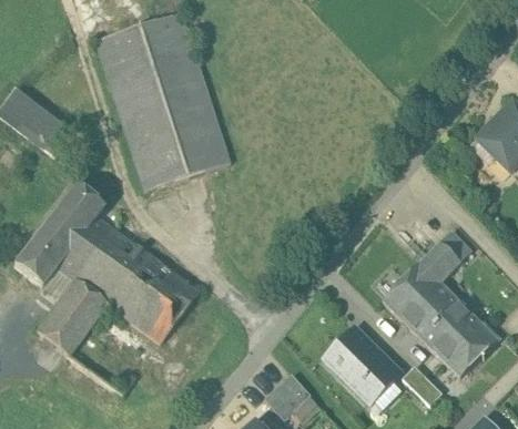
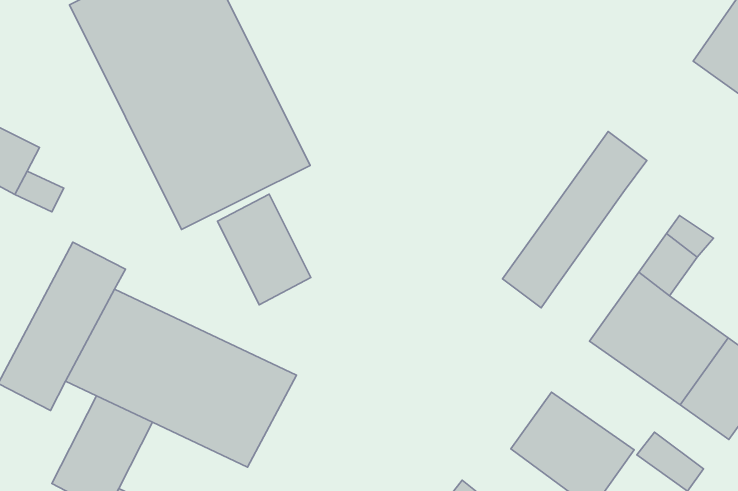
building: none -> [503,132,647,308]
building: none -> [217,194,311,305]

